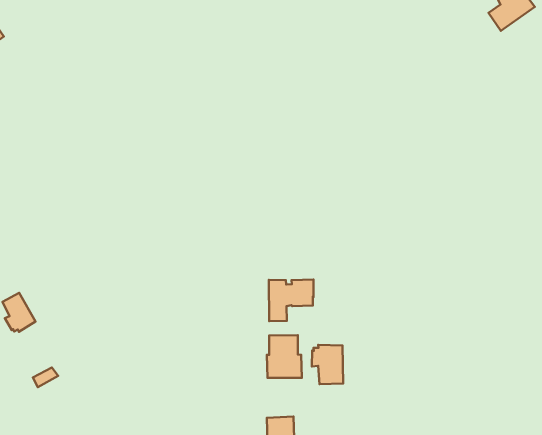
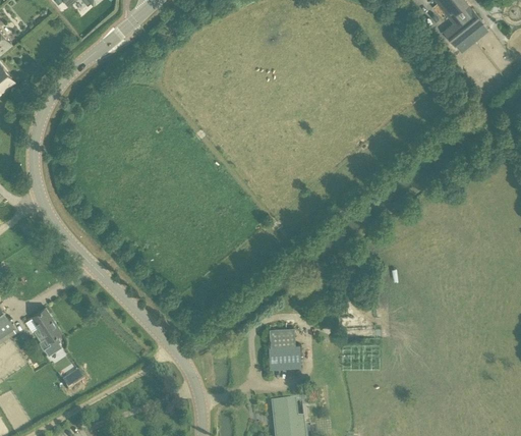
building: [269,279,313,321] -> none
building: [312,345,343,384] -> none

